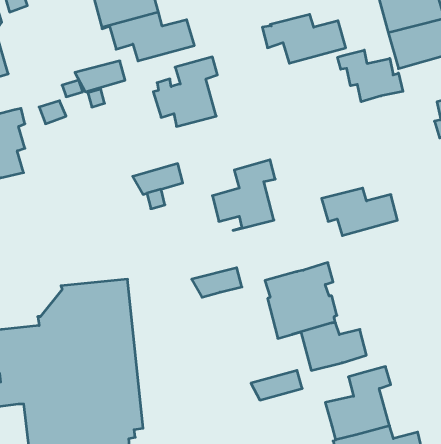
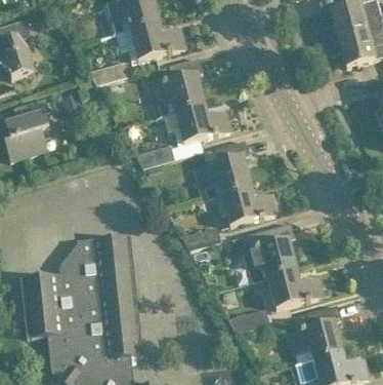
building: [262,14,346,63] -> [163,105,229,144]
building: [338,50,403,102] -> none
building: [322,188,397,236] -> [214,188,274,226]

